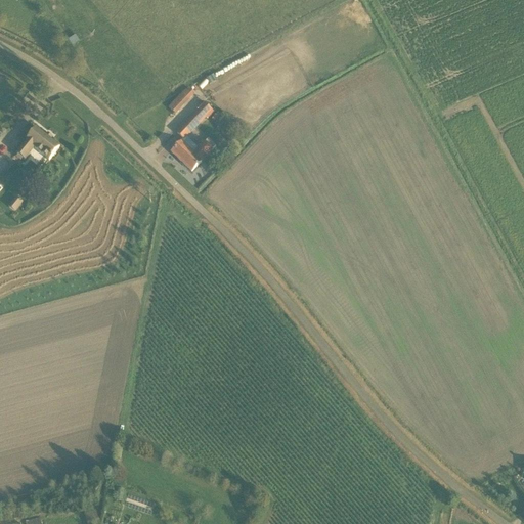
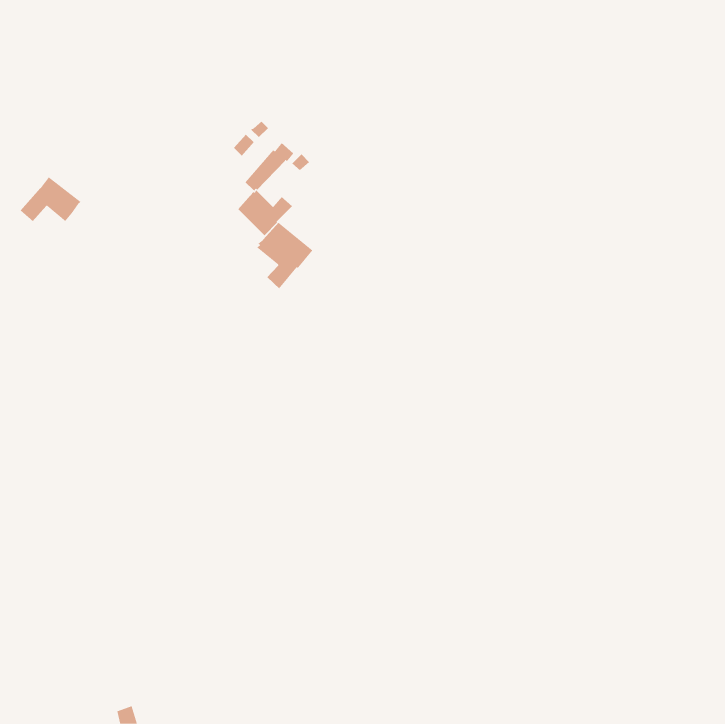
building: none -> [256,222,313,289]

